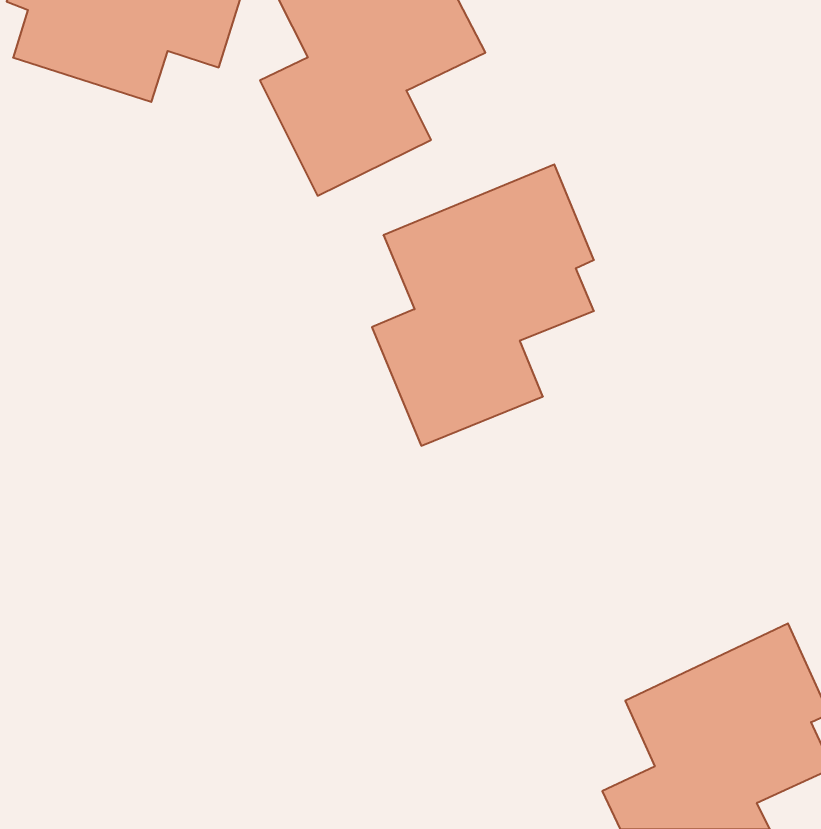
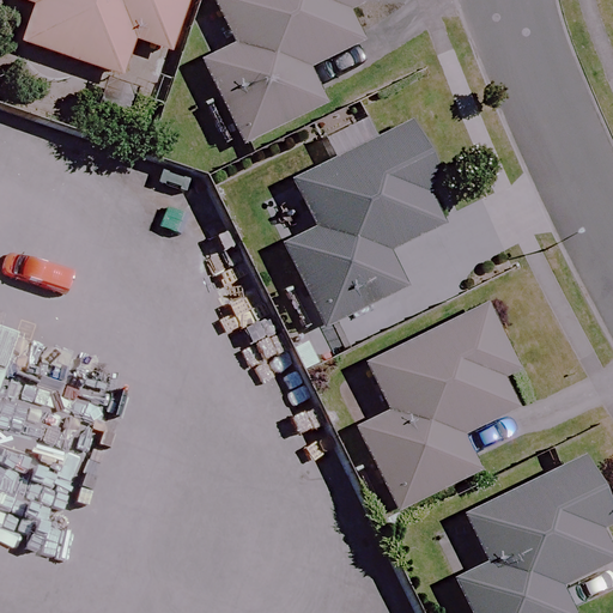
building: none -> [360,304,520,509]

